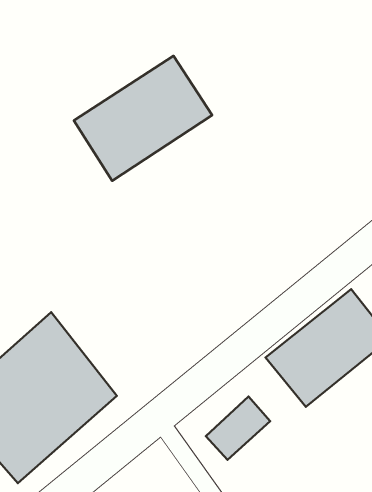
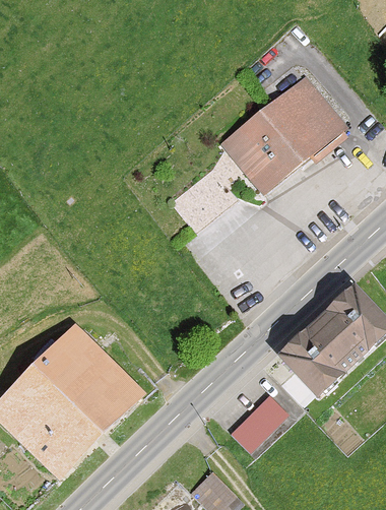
building: [74,56,212,181] -> none
building: none -> [222,77,347,193]

